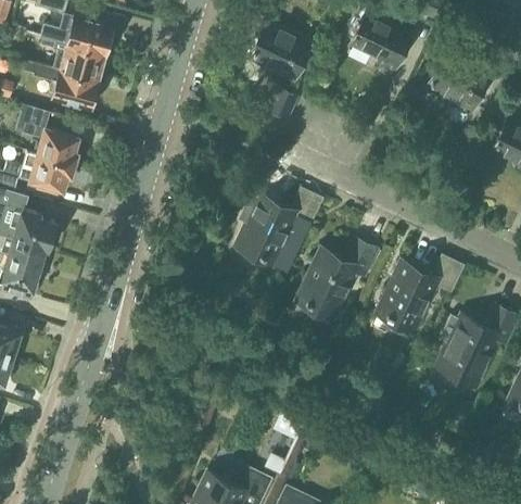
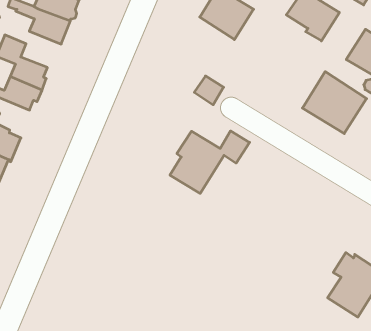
building: [264,86,297,118] -> [194,76,224,105]
building: none -> [302,72,367,134]
building: [296,238,379,318] -> none
building: [377,254,466,339] -> none

